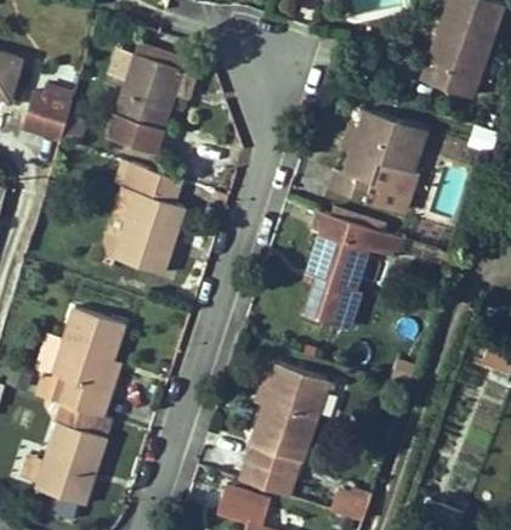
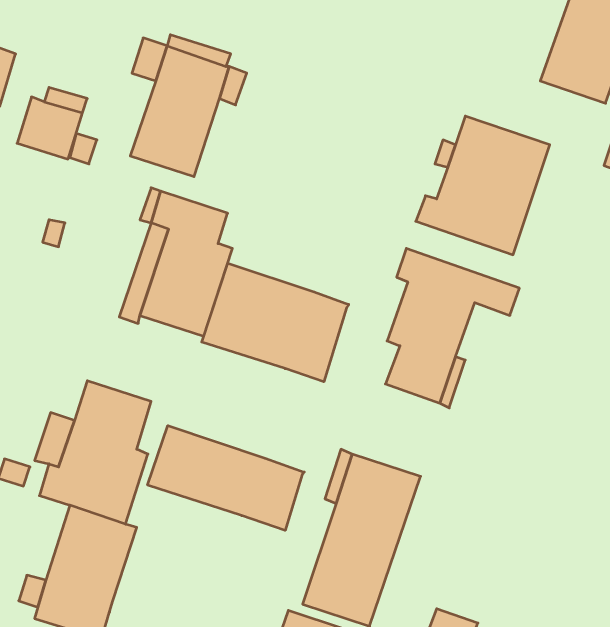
building: none -> [202,263,349,382]
building: none -> [148,426,304,530]

